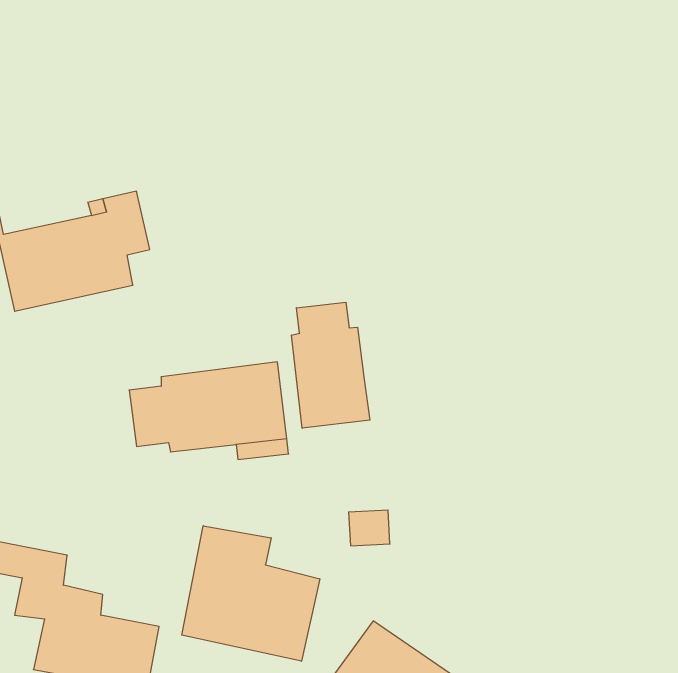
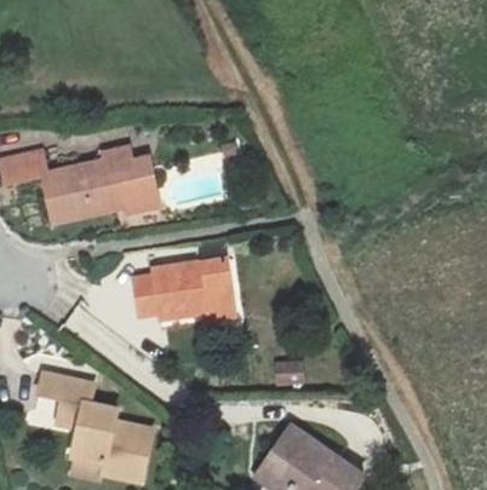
building: [292,302,370,428] -> none
building: [182,526,320,661] -> none

